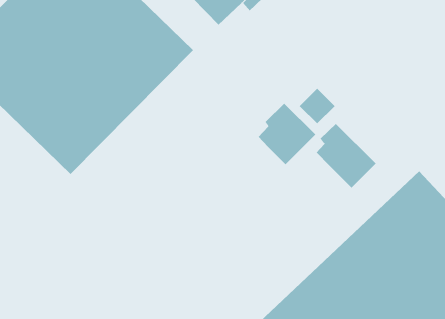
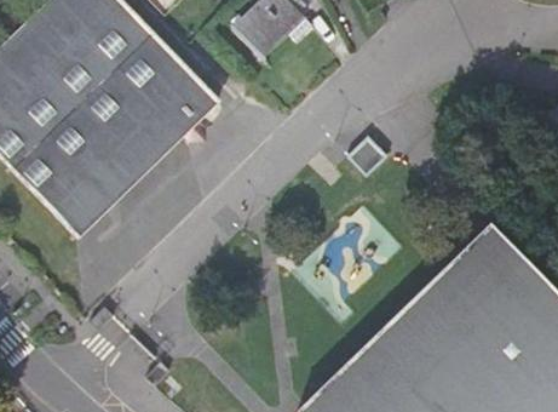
building: [258,103,316,165] -> none
building: [316,123,377,189] -> none

